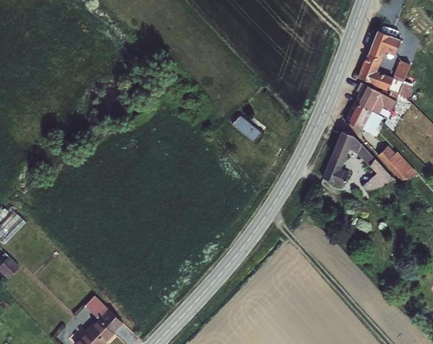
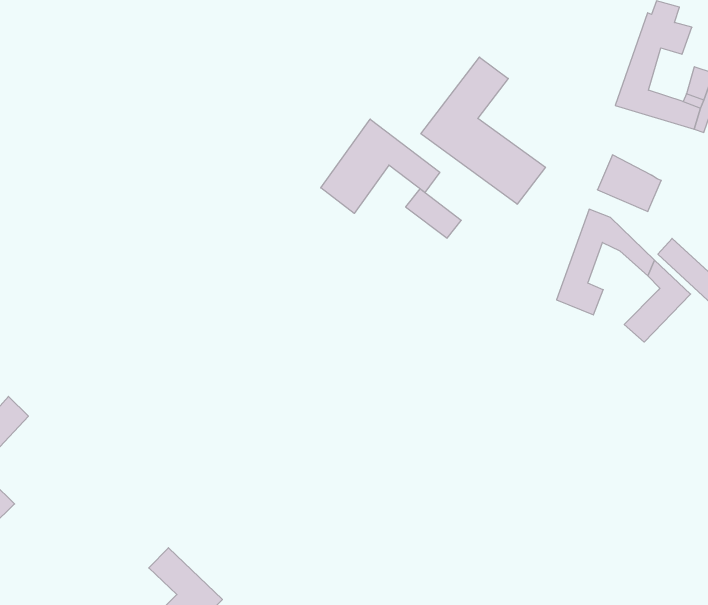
building: none -> [421,57,545,204]
building: none -> [321,119,440,213]
building: [347,81,389,116] -> none

